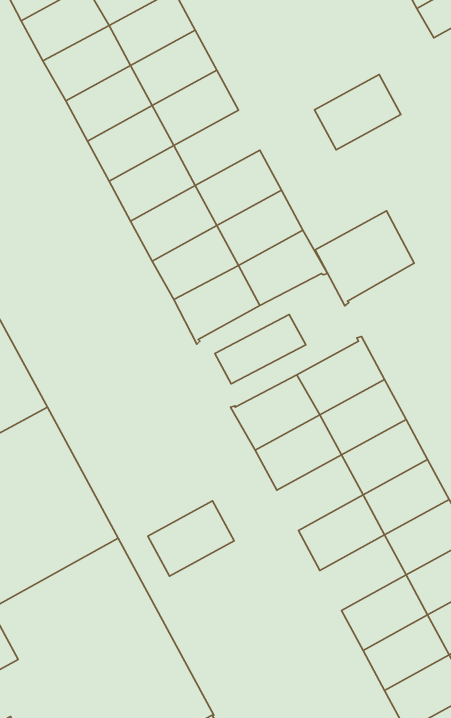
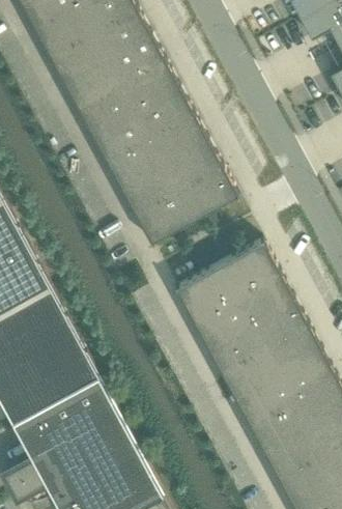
building: [314,74,401,150] -> [135,87,193,138]
building: [315,211,414,306] -> none
building: [215,314,306,384] -> none
building: [148,501,234,576] -> [204,319,262,370]
building: none -> [233,373,291,424]

